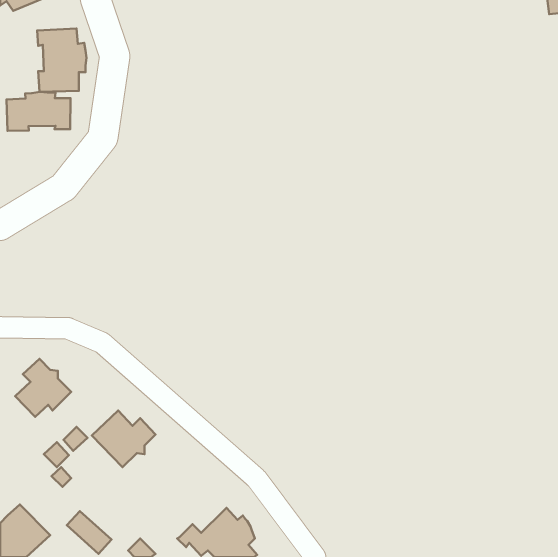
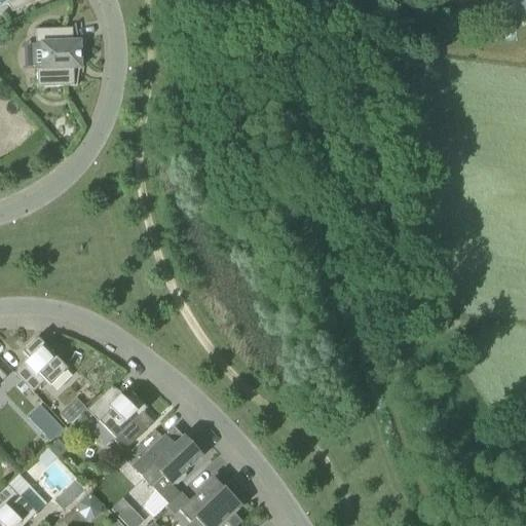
building: [7,92,70,131] -> none
building: none -> [133,435,202,515]

